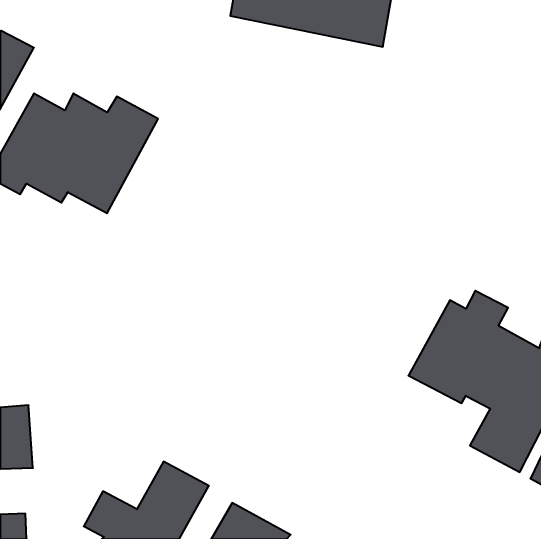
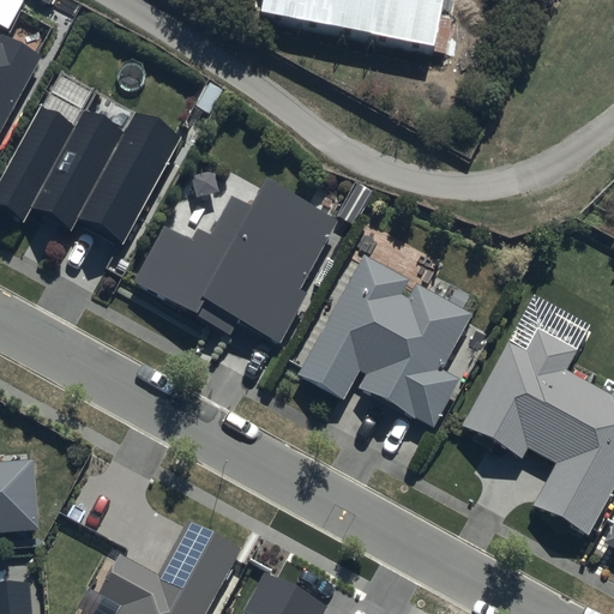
building: none -> [131,180,336,343]
building: none -> [300,253,472,425]

